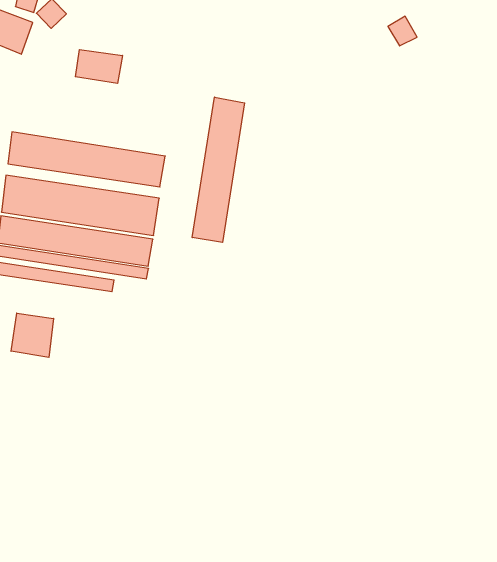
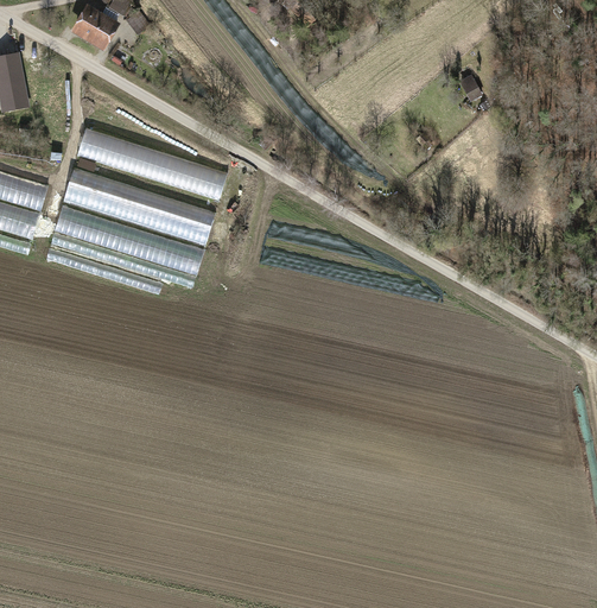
building: [75,50,122,83] -> none
building: [192,97,245,242] -> none
building: [11,313,54,357] -> none

